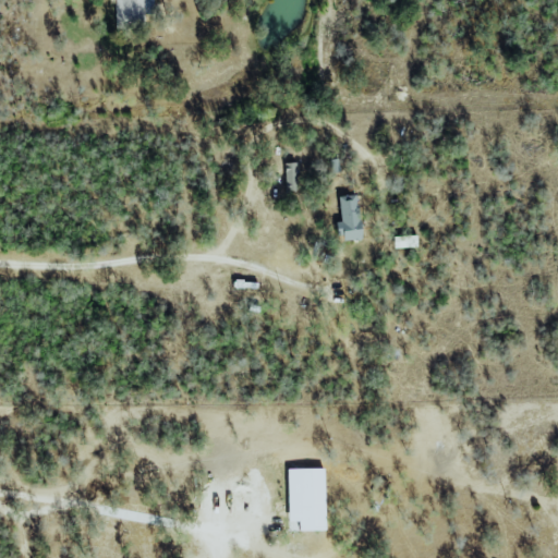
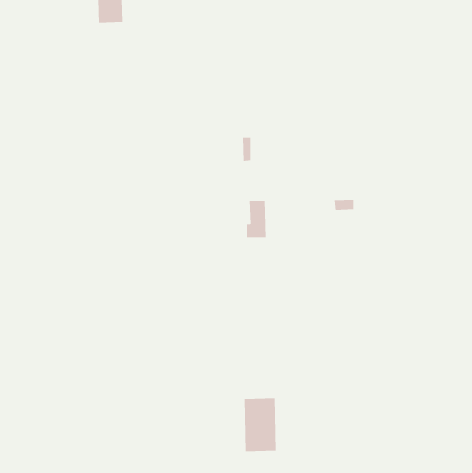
building: [338,194,362,238] -> [246,201,266,238]

